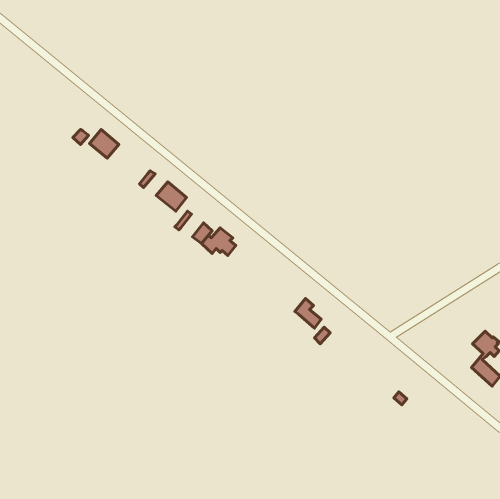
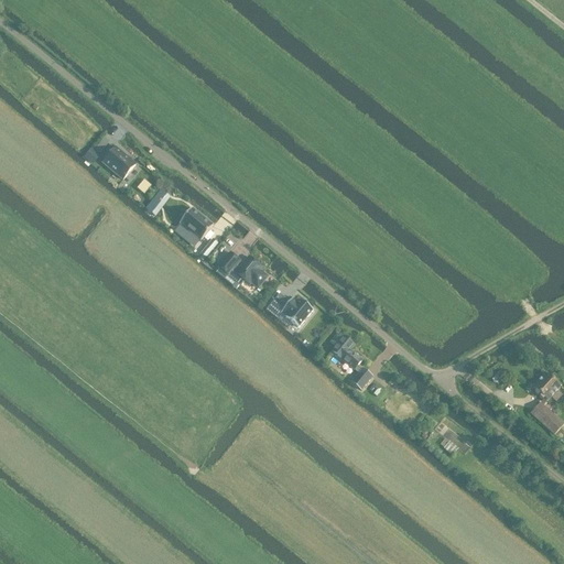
building: none -> [282,297,313,327]

